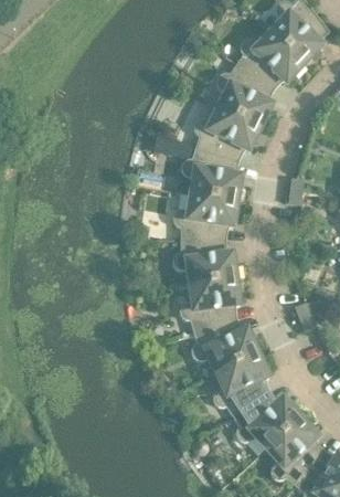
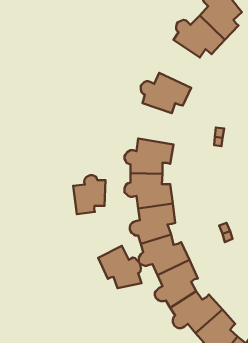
building: [216,63,272,126] -> none
building: [180,146,241,200] -> none
building: none -> [73,175,105,214]
building: none -> [98,246,142,288]

